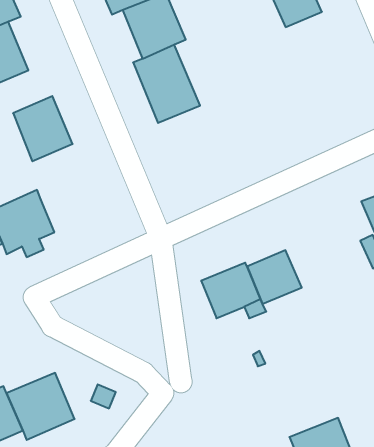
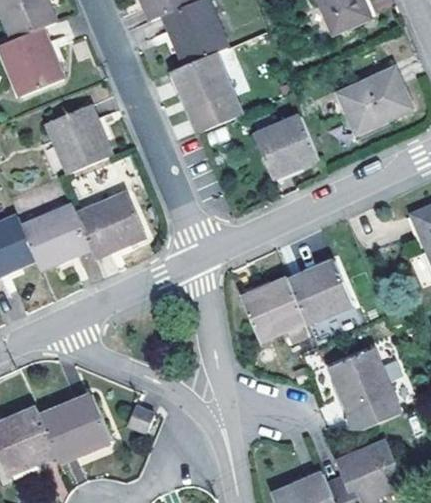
building: none -> [338,67,412,131]
building: none -> [254,113,322,177]
building: none -> [76,191,144,256]
building: none -> [329,347,400,428]

